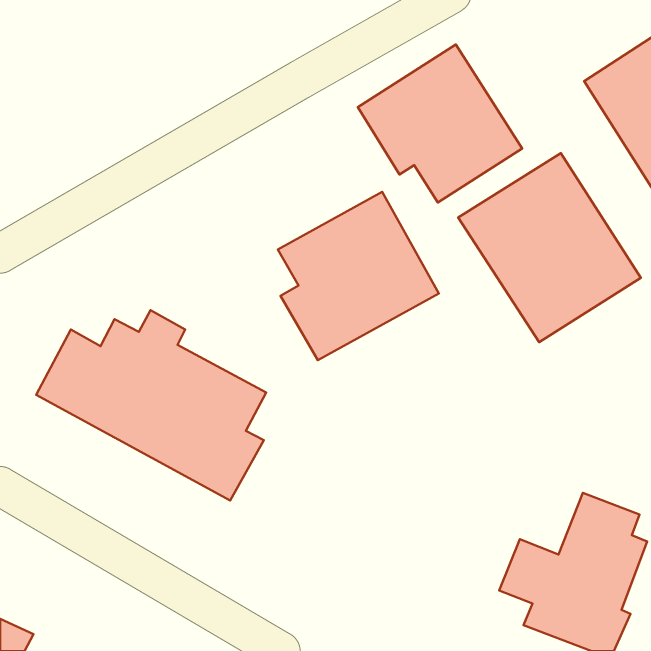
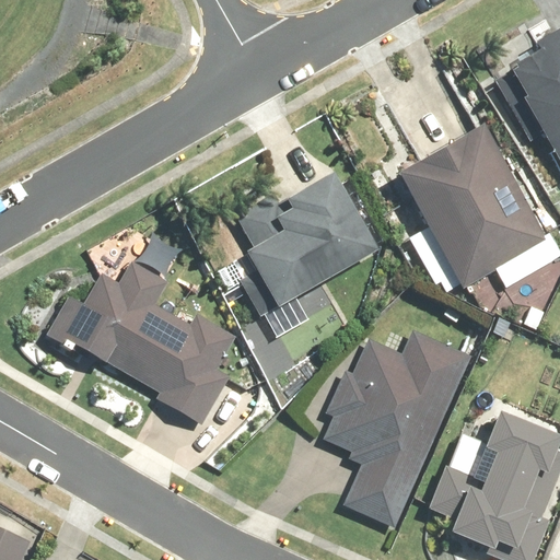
building: [358,44,522,203] -> none
building: none -> [330,330,469,524]

